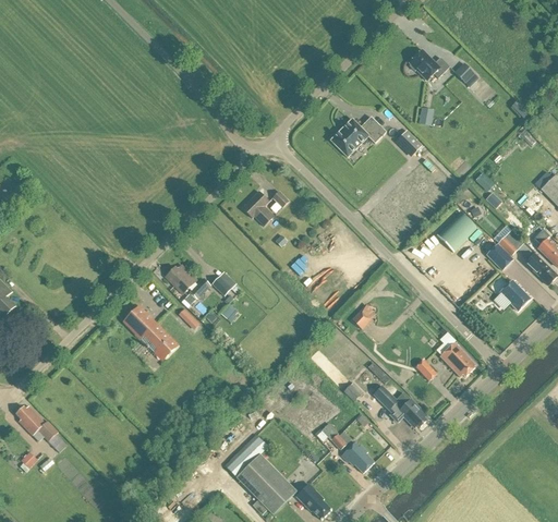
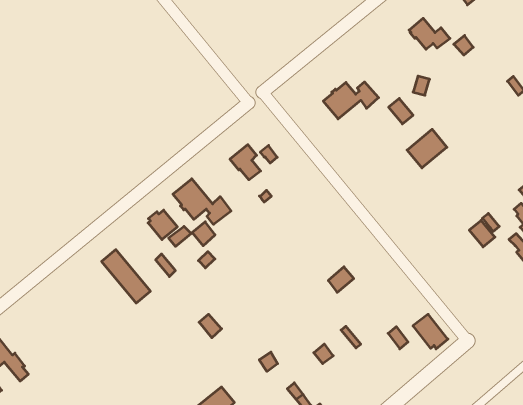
building: [437,211,476,251] -> [407,129,447,168]
building: none -> [173,179,231,224]
building: [500,279,531,311] -> none
building: [374,385,426,427] -> none

